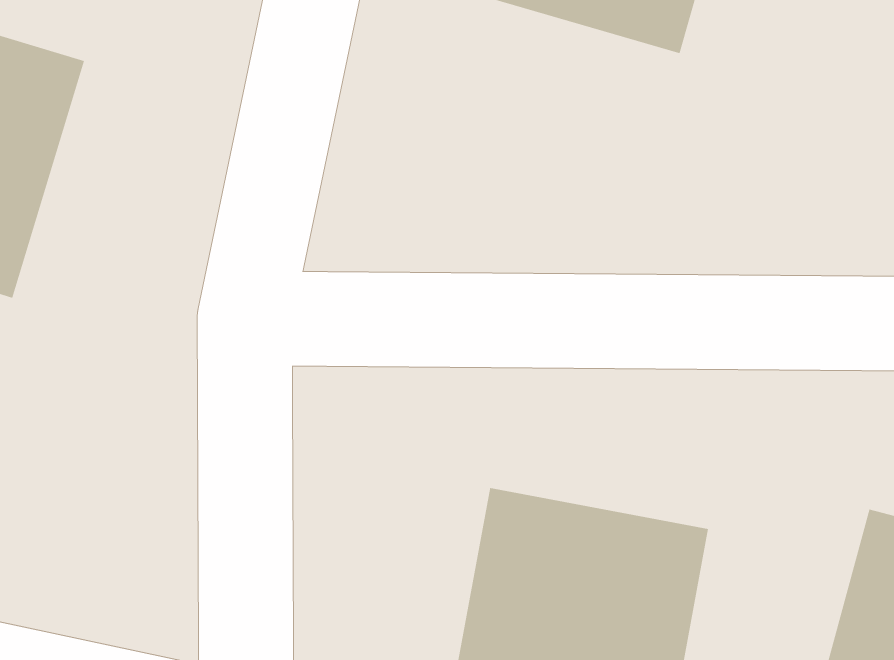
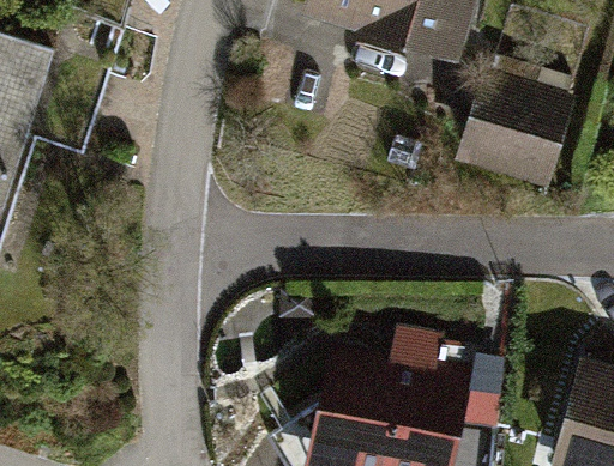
building: none -> [464,77,577,193]

